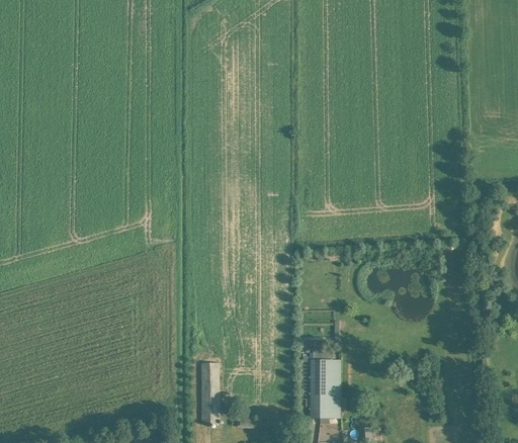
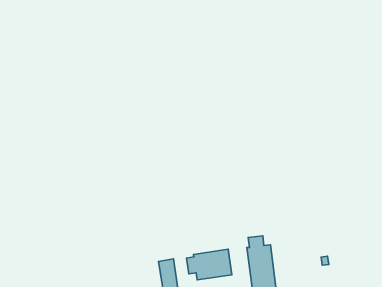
building: none -> [187,249,232,280]

